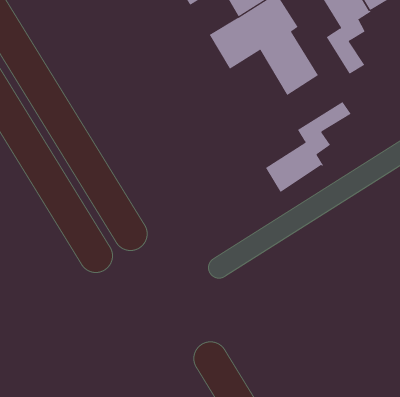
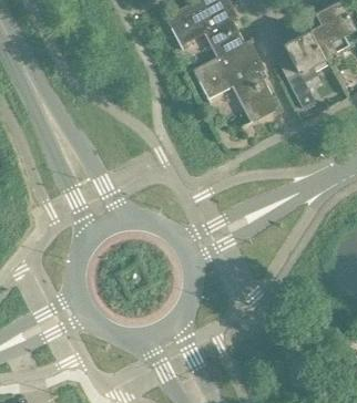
building: [265,101,351,193] -> none

